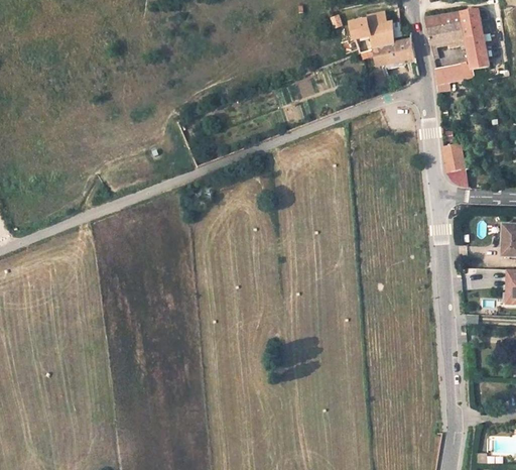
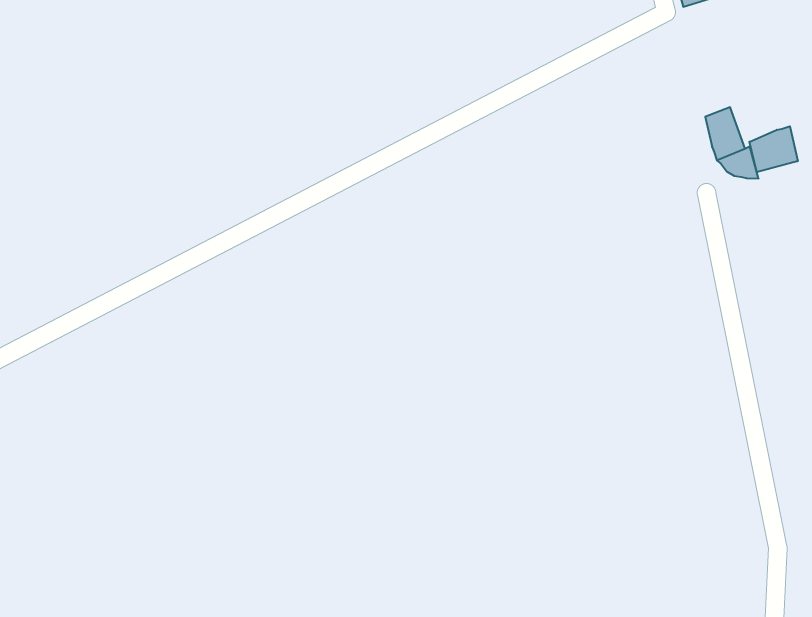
building: none -> [749,126,798,172]

